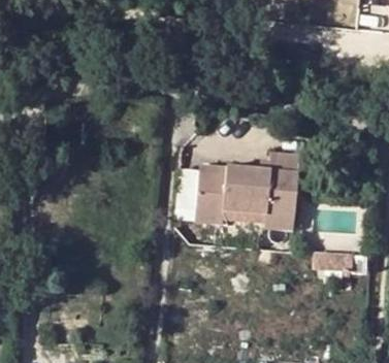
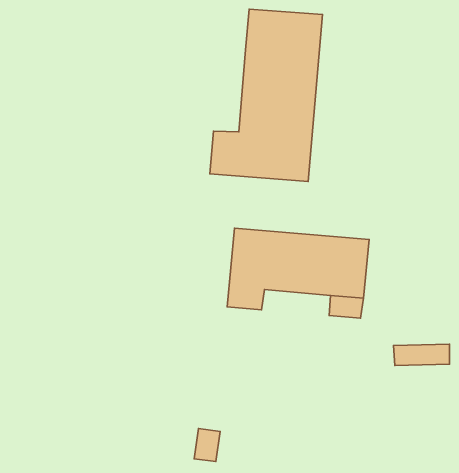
building: none -> [210,9,323,182]

